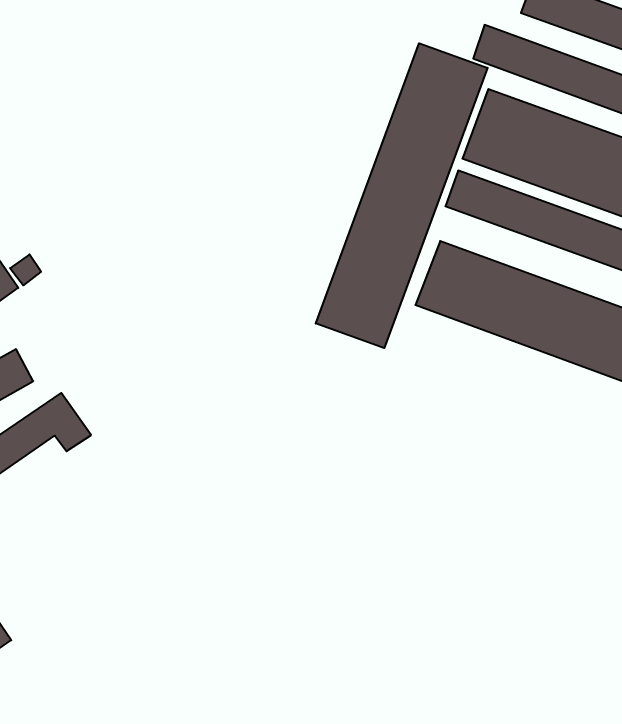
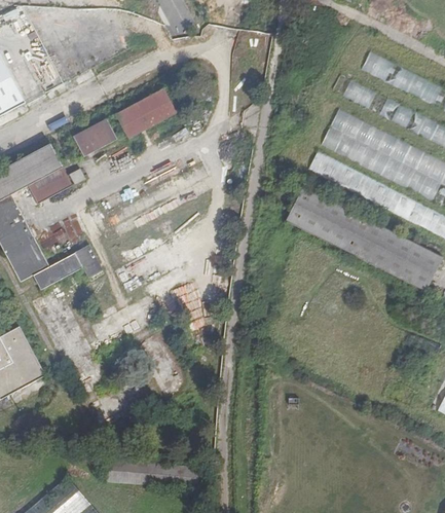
building: [316,43,488,348] -> none
building: none -> [115,89,177,139]
building: none -> [73,120,117,156]

